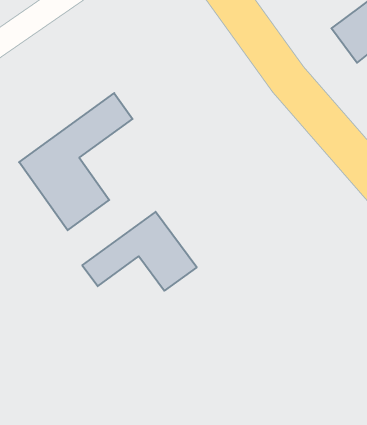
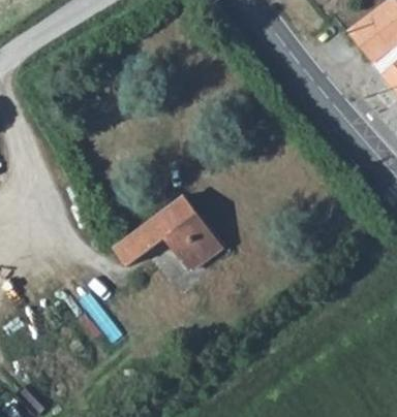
building: [19,93,133,230] -> none

